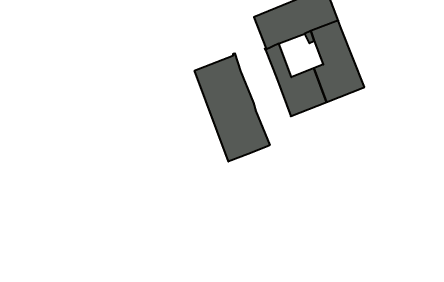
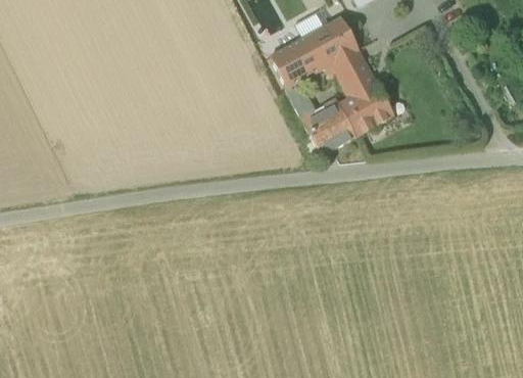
building: [195,53,270,162] -> none

